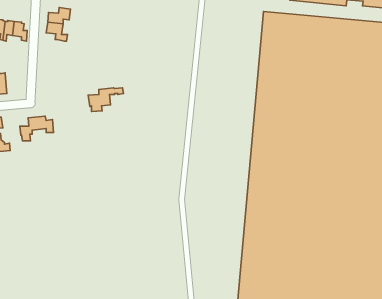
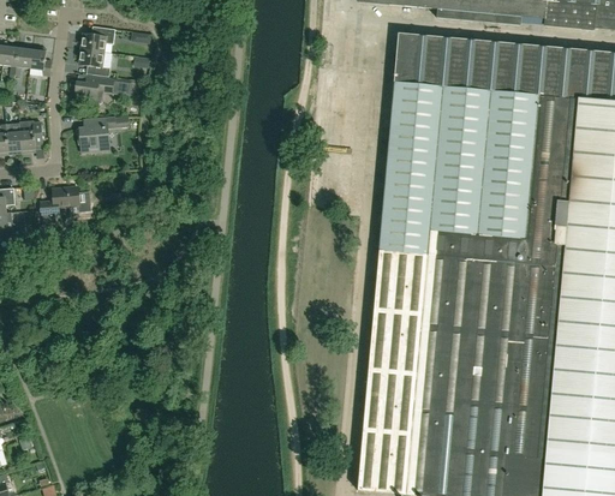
building: none -> [74,73,115,104]
building: none -> [19,121,43,153]
building: [88,88,123,112] -> [77,116,129,151]

